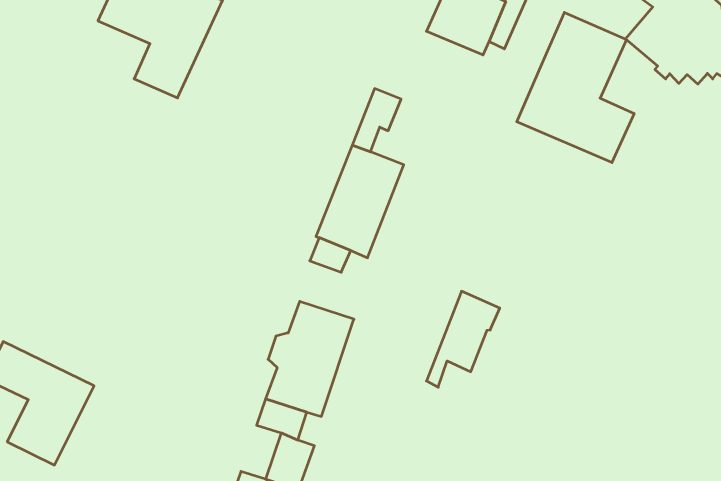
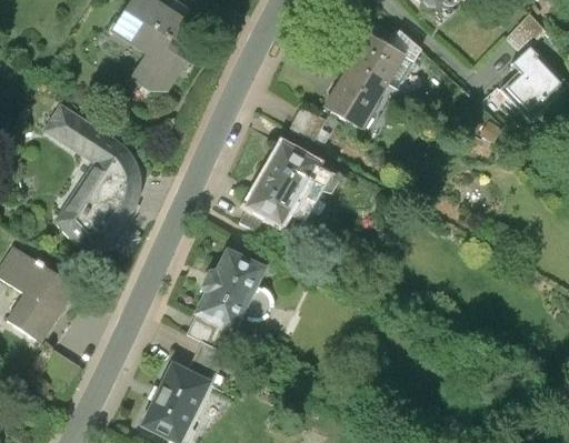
building: [517,12,634,163] -> none
building: none -> [323,69,382,128]
building: none -> [46,101,141,250]
building: [426,291,500,387] -> [282,161,341,226]

